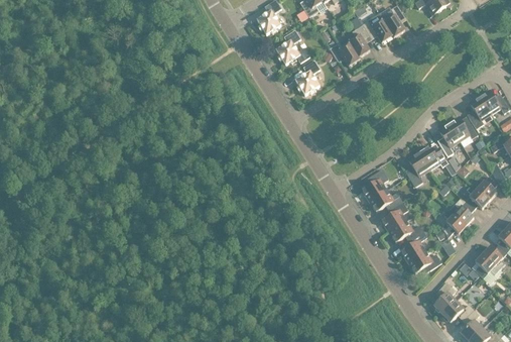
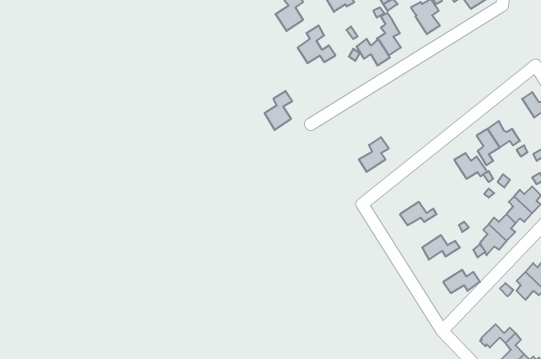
building: [362,12,392,41] -> none
building: [295,59,321,94] -> [264,91,292,130]
building: [469,95,491,127] -> none
building: [407,150,429,186] -> none
building: [362,168,389,200] -> [359,137,389,172]
building: [382,200,408,230] -> none
building: [401,230,426,261] -> none
building: [433,280,456,313] -> none

